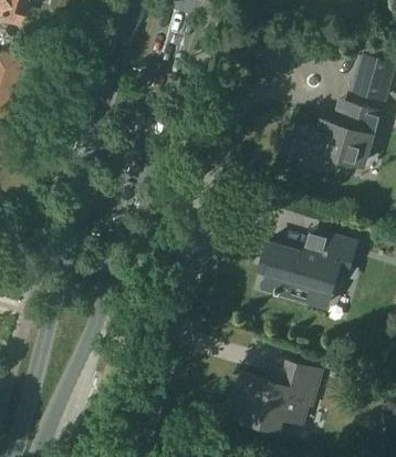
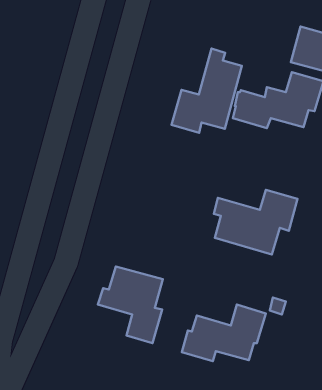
building: none -> [172,48,242,133]
building: none -> [98,267,163,343]

